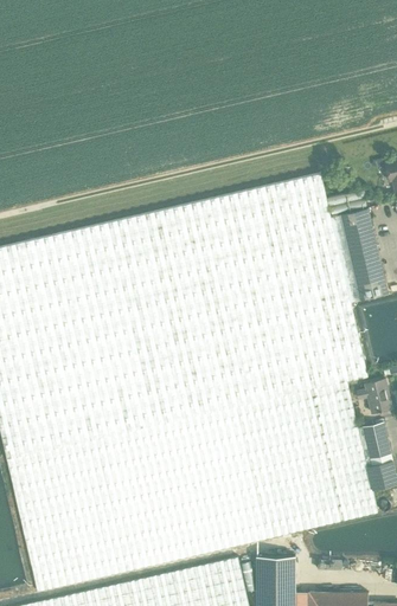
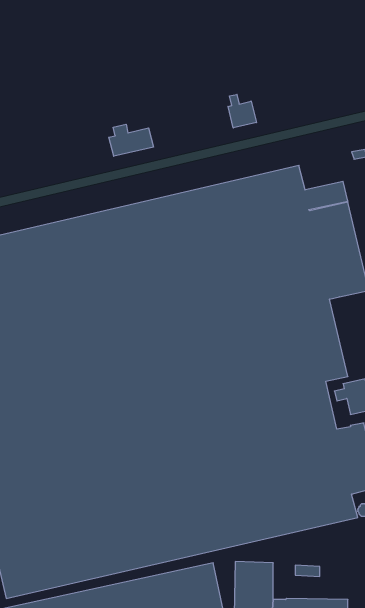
building: none -> [228,94,256,128]
building: none -> [109,124,153,156]

